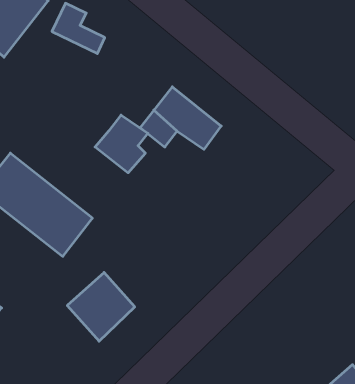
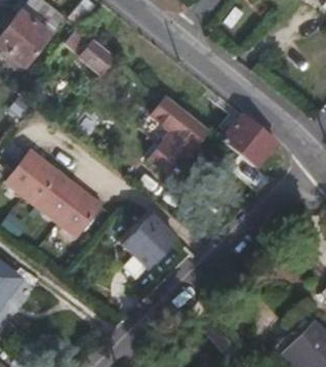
building: none -> [221,115,276,166]
building: [95,115,148,173] -> [149,132,193,180]
building: [67,272,135,341] -> [121,211,177,269]

